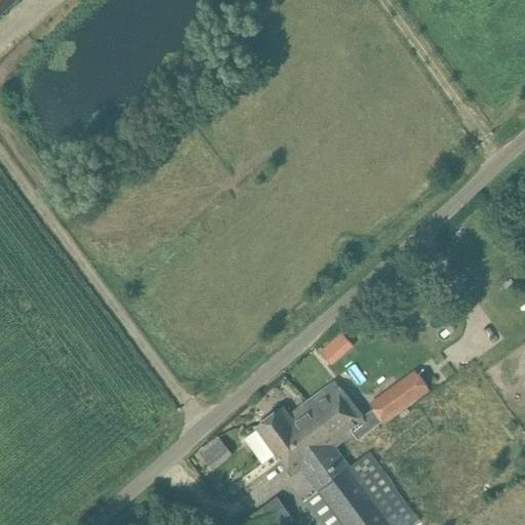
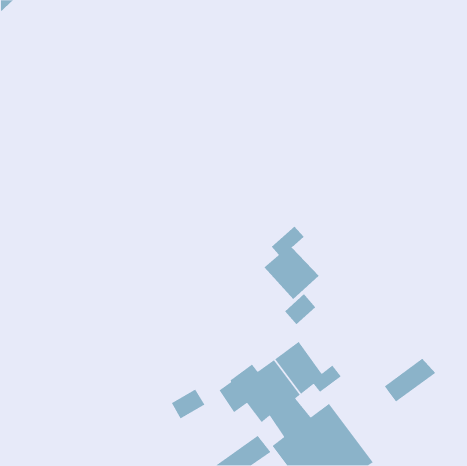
building: none -> [264,226,320,300]
building: [370,372,429,422] -> [384,358,436,403]

